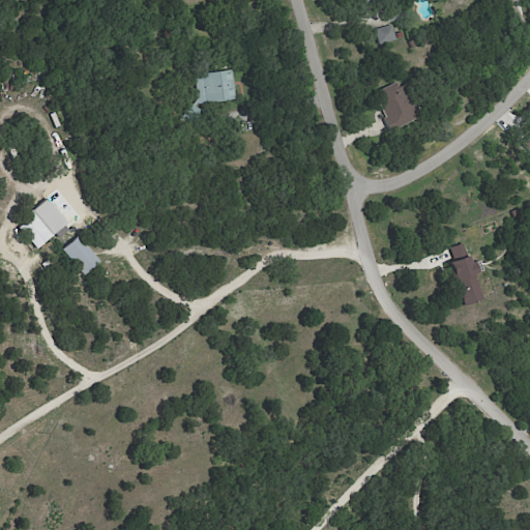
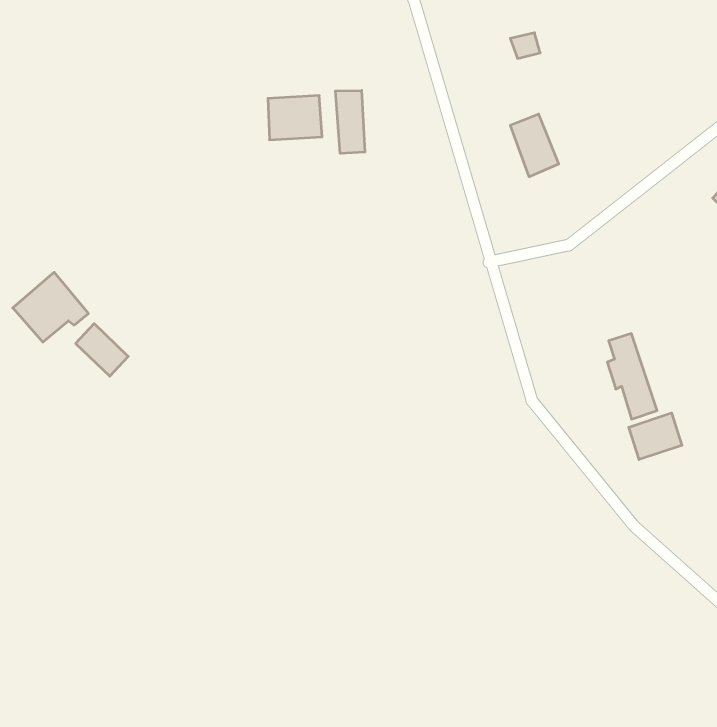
building: none -> [335,90,365,153]
building: none -> [629,413,682,460]

